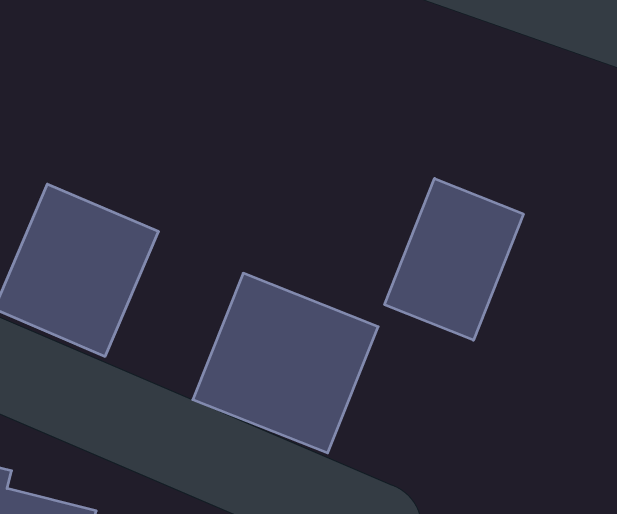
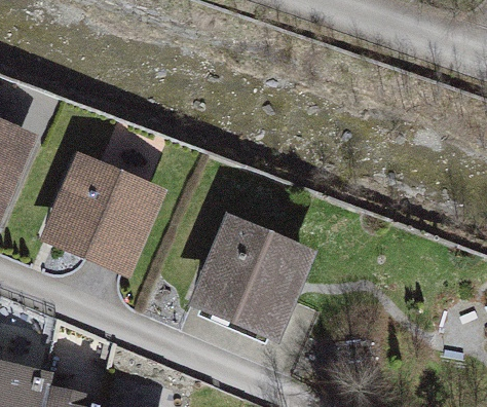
building: [385,178,523,340] -> none

